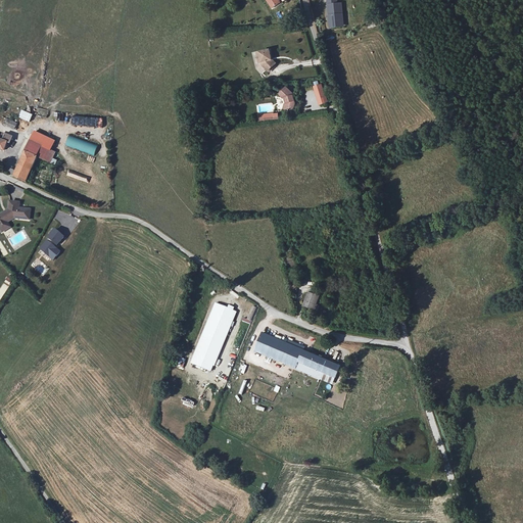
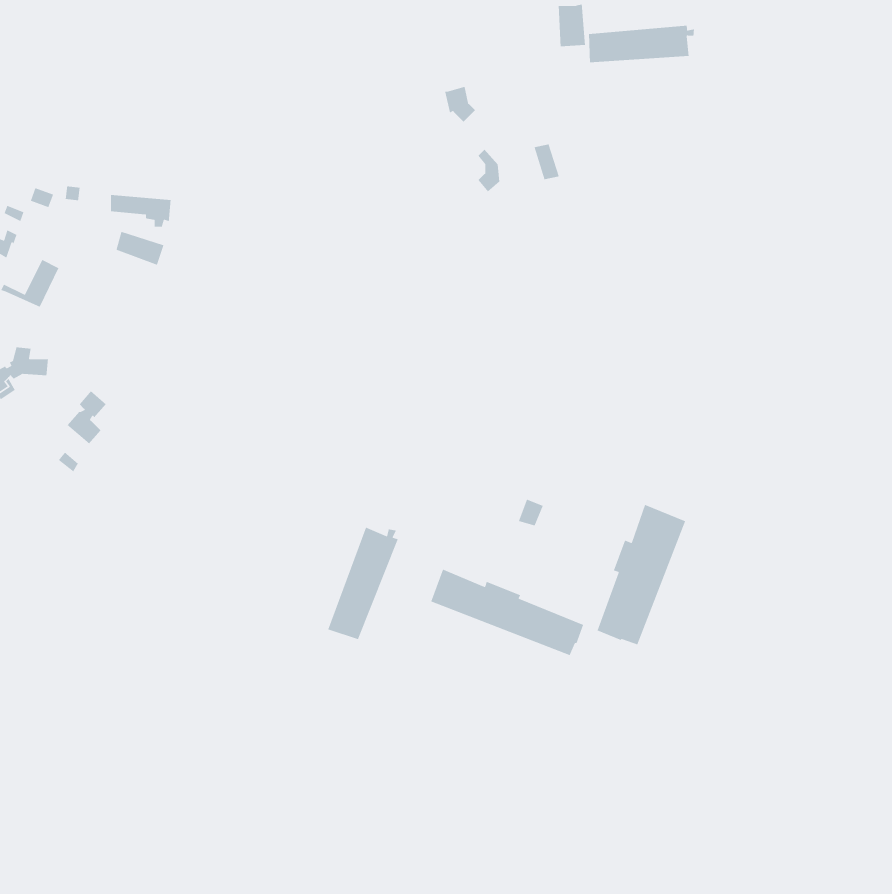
building: none -> [588,25,695,63]
building: [25,130,55,156] -> none
building: none -> [596,504,686,645]

